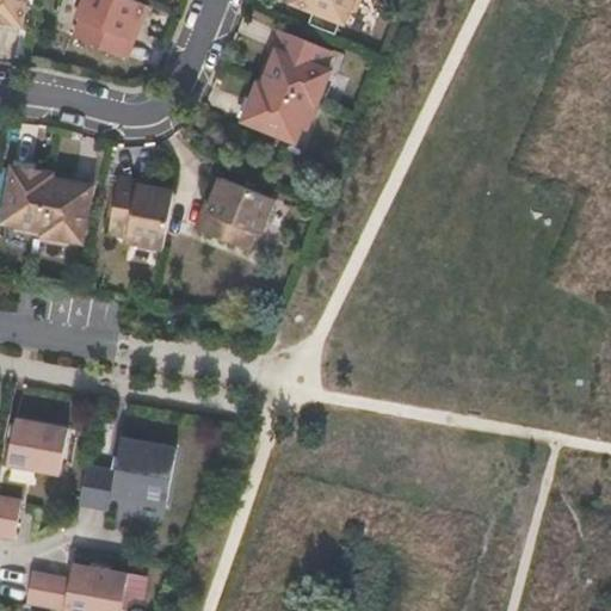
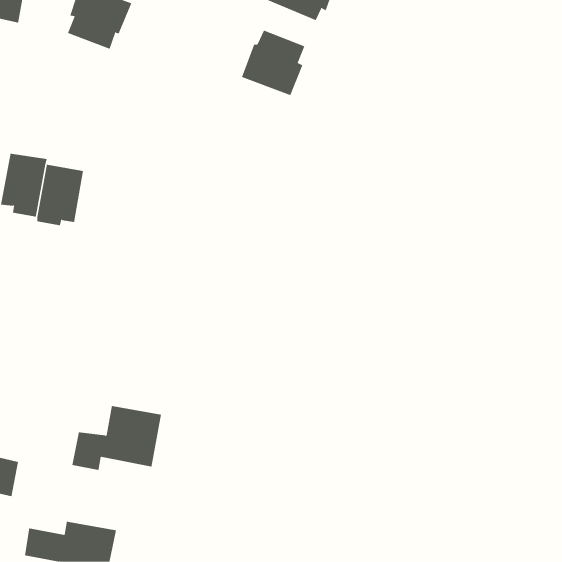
building: [241,81,315,141] -> none
building: [202,177,273,249] -> none
building: [107,184,173,247] -> none
building: [8,419,68,473] -> none

